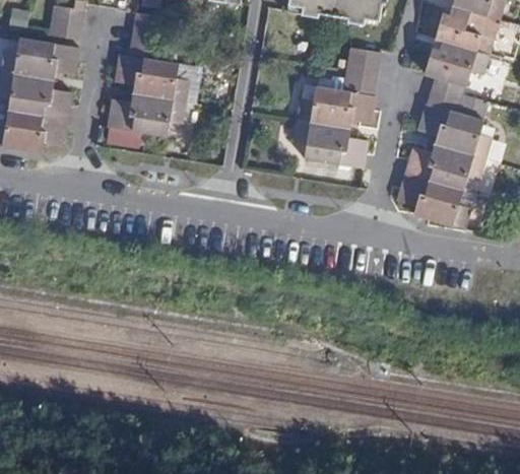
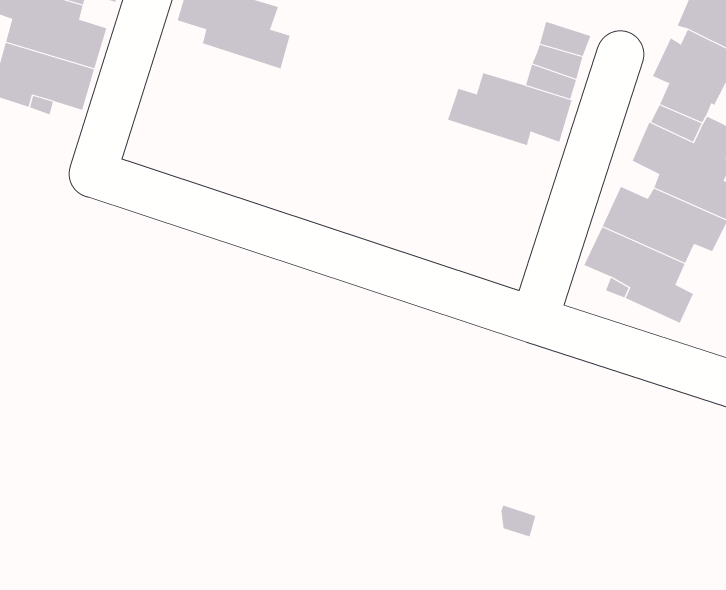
building: [108,93,186,136] -> none
building: [294,120,368,168] -> none

